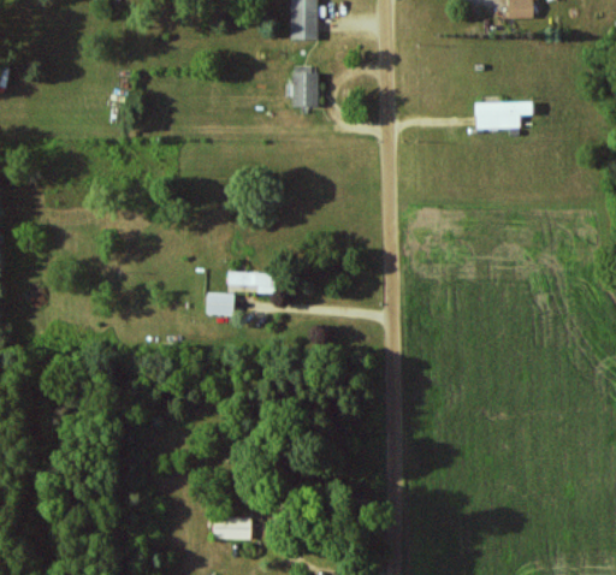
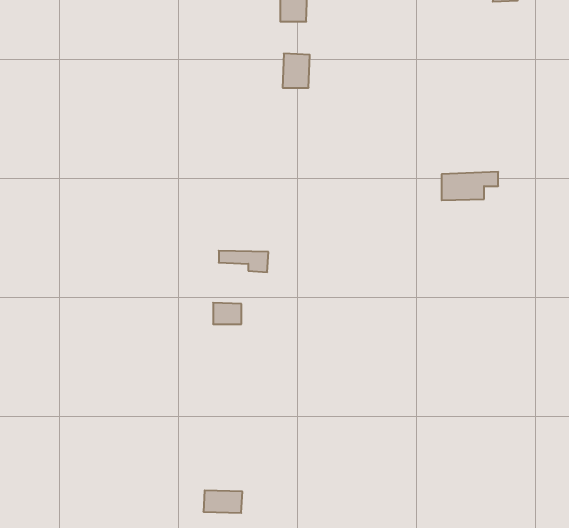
building: [475,100,533,129] -> [442,172,498,200]
building: [205,292,233,314] -> [213,303,241,324]

